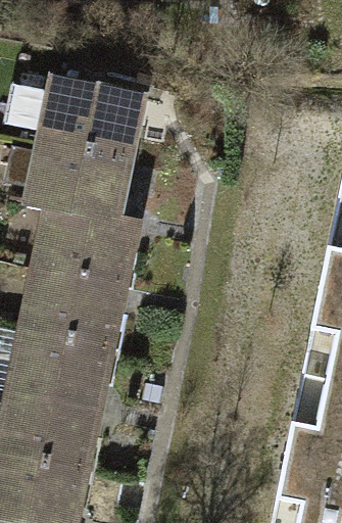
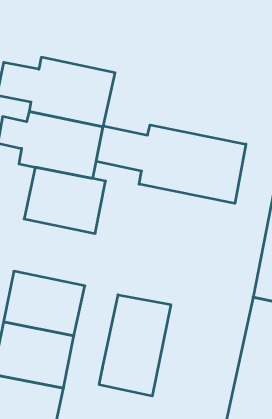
building: none -> [96,125,246,203]
building: [25,269,121,348] -> none
building: none -> [99,295,171,396]

